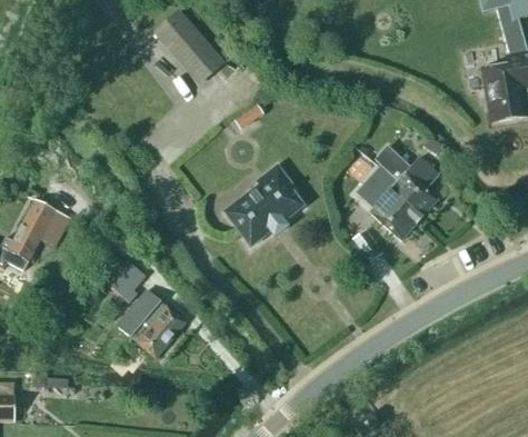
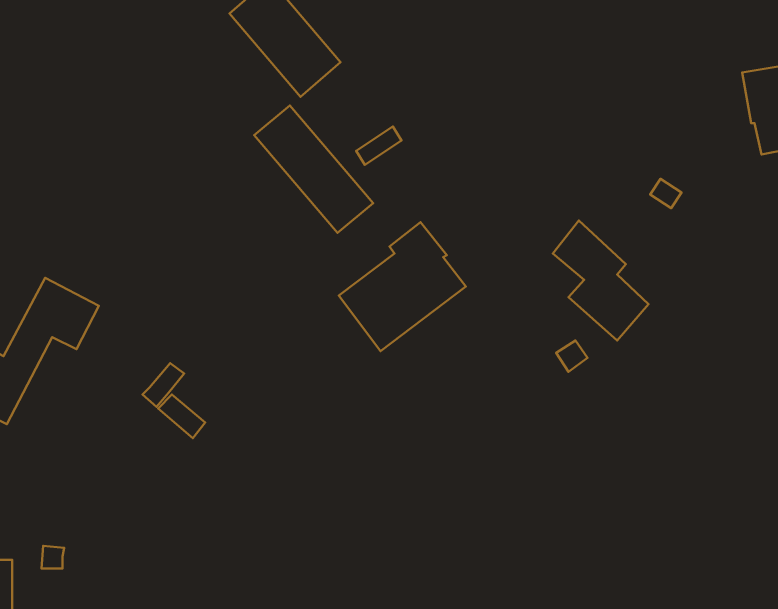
building: none -> [254,106,373,233]
building: [373,143,438,216] -> none
building: [116,288,185,356] -> none

